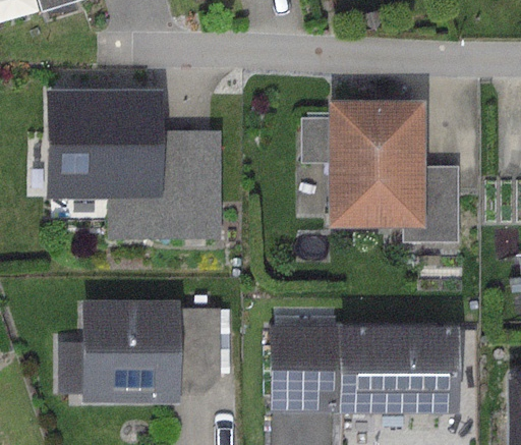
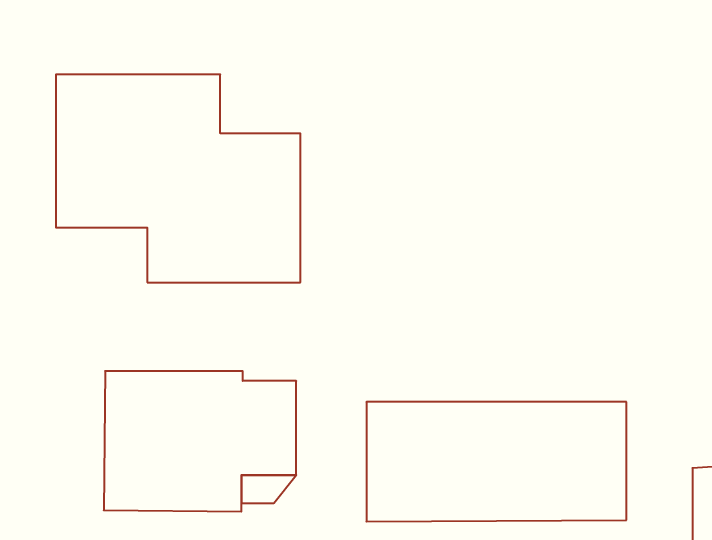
building: [328,102,460,242] -> none

